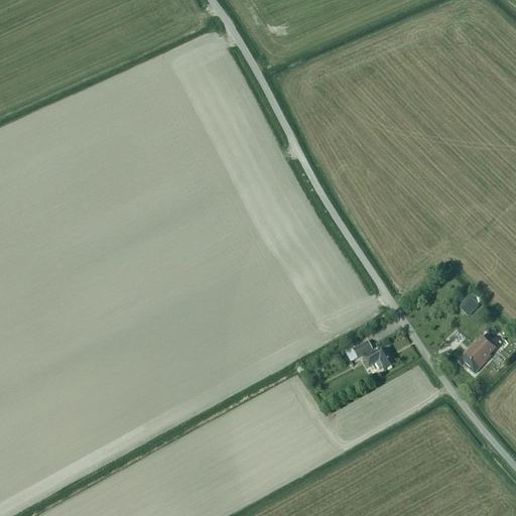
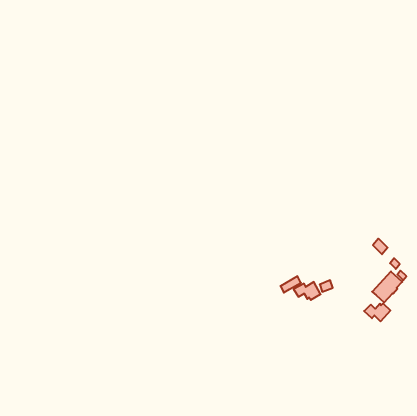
building: none -> [364,303,390,321]

